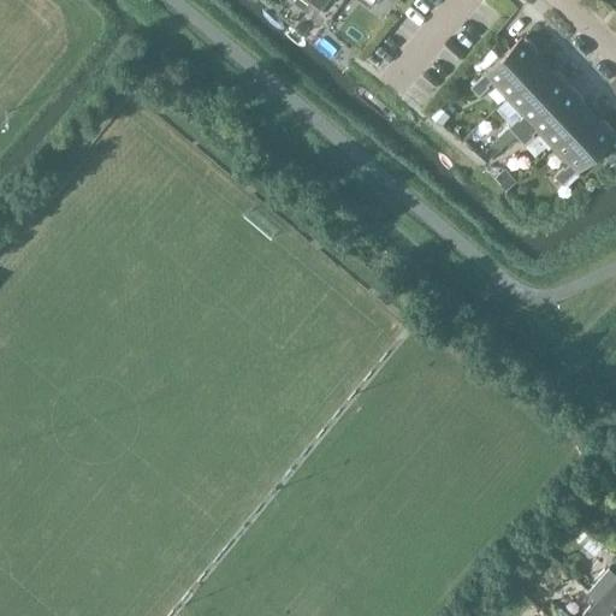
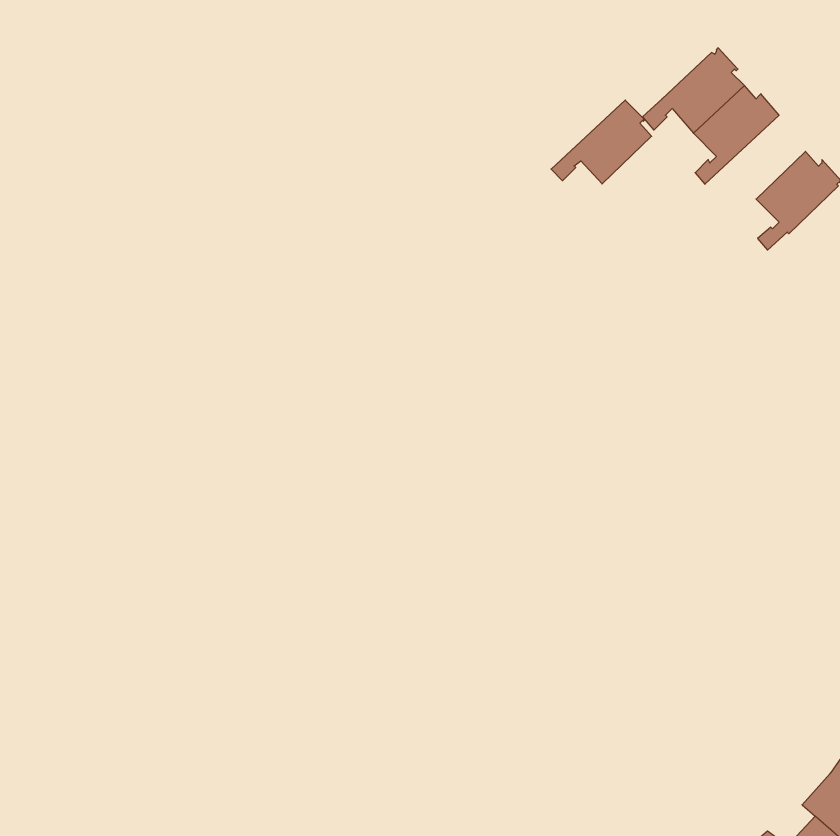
building: [516,88,590,149] -> [551,100,652,184]

